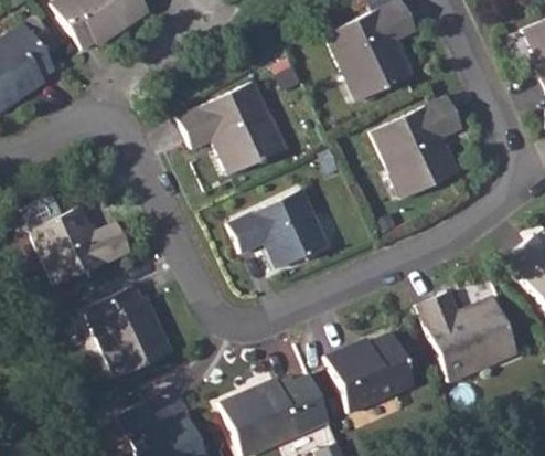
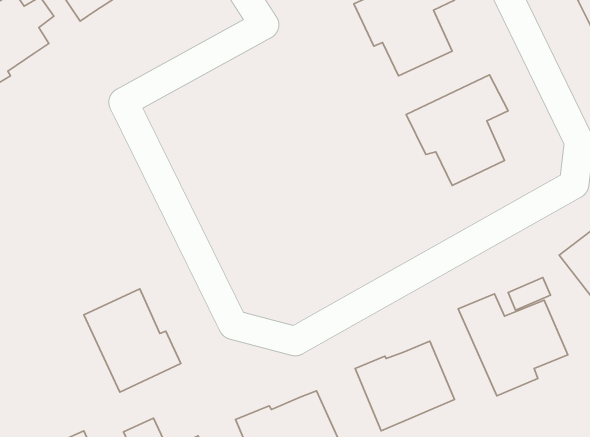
building: [179,82,278,174] -> none
building: [229,190,328,267] -> none
building: [31,208,130,285] -> none

